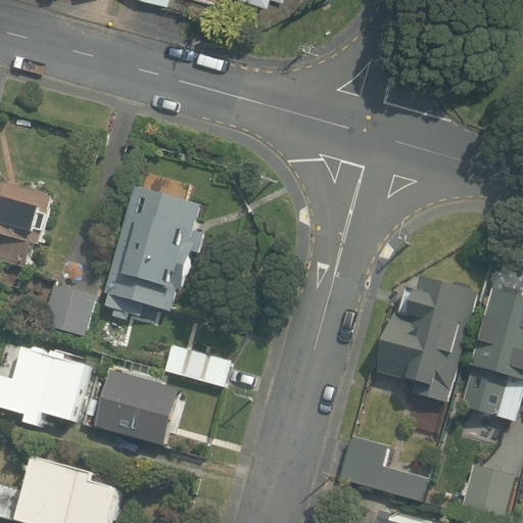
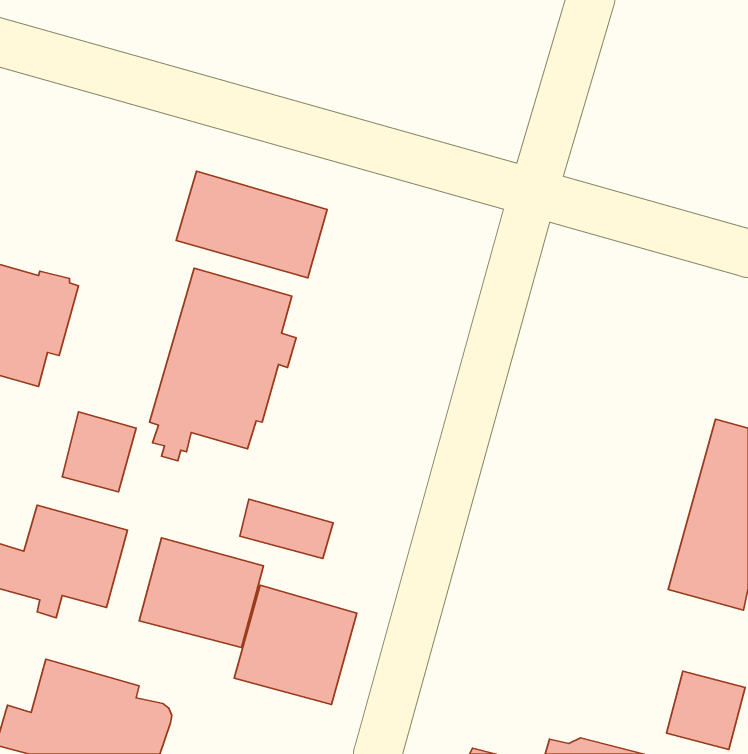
building: none -> [176,171,327,278]
building: [378,276,478,402] -> none
building: none -> [234,585,357,705]
building: [340,436,427,500] -> none

